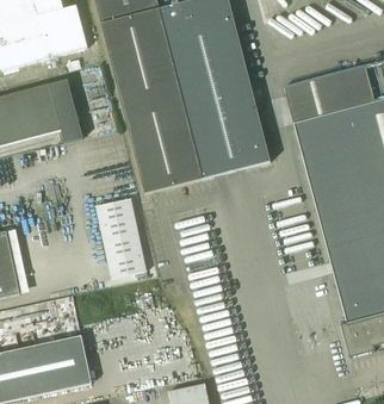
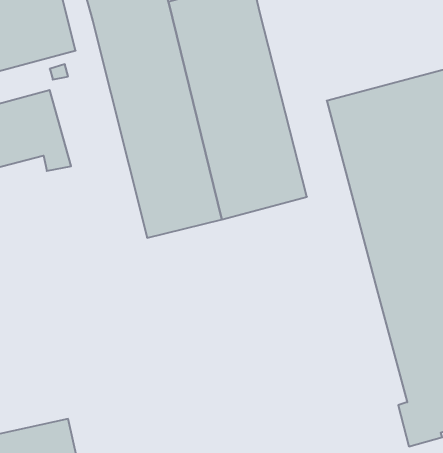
building: [95,198,147,279] -> none

